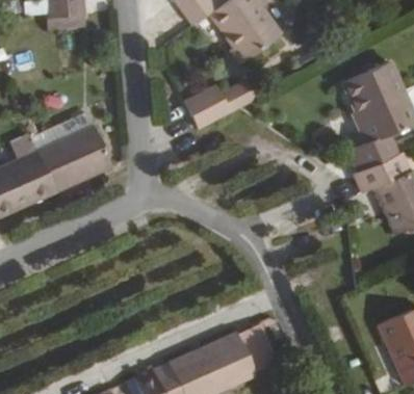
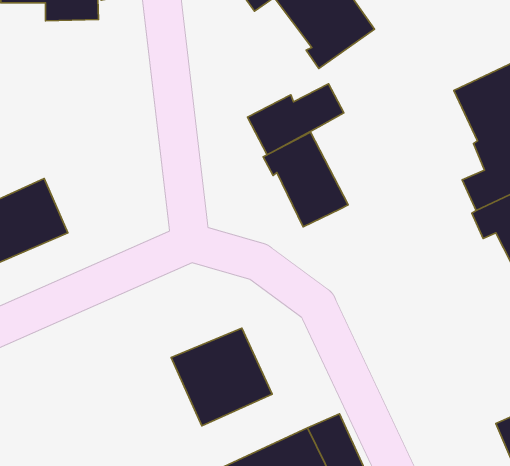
building: none -> [263,132,348,227]
building: [37,121,110,188] -> none
building: none -> [171,328,272,426]

